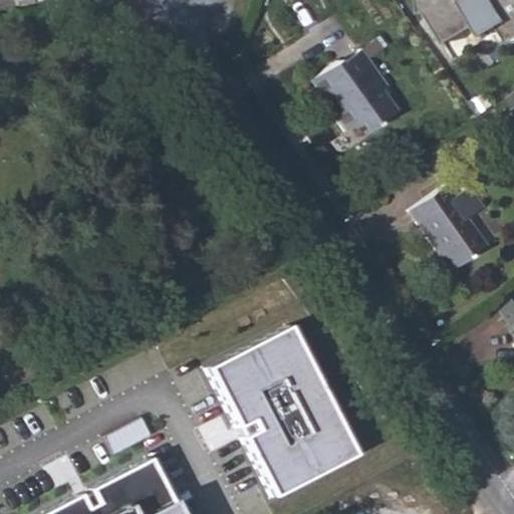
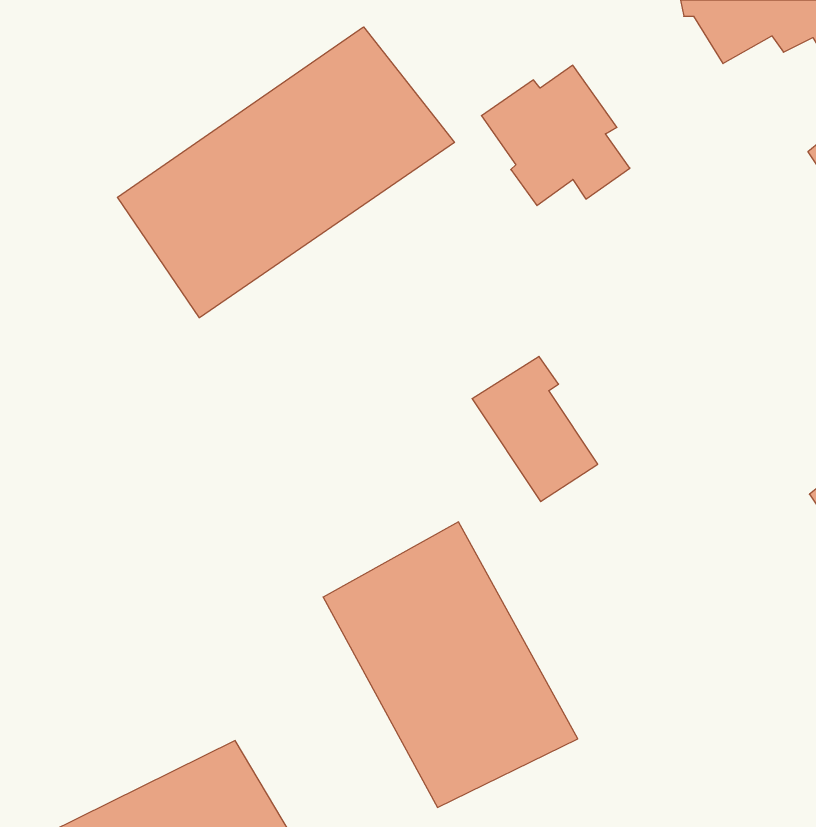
building: none -> [117,27,454,318]
building: [409,180,486,269] -> [472,356,598,502]

